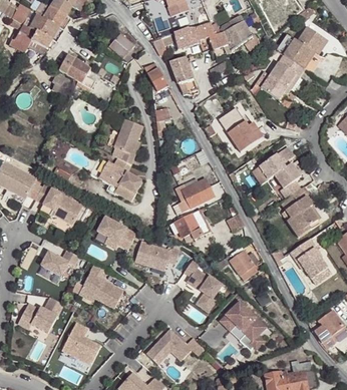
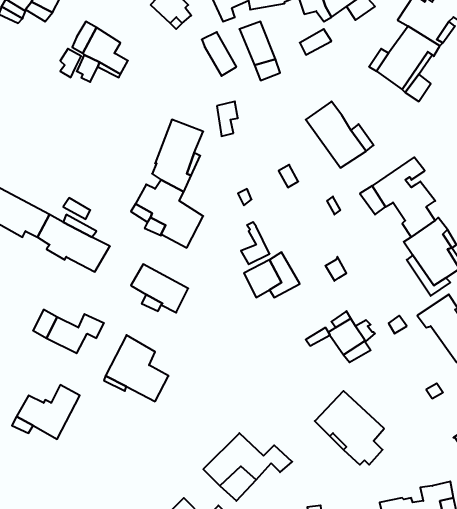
building: [181,179,213,210] -> none
building: [134,241,179,270] -> none
building: [184,260,223,312] -> none
building: [62,323,100,365] -> none

